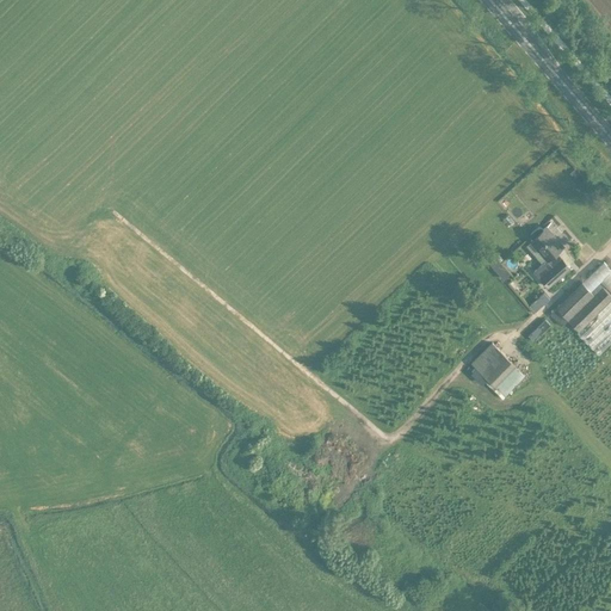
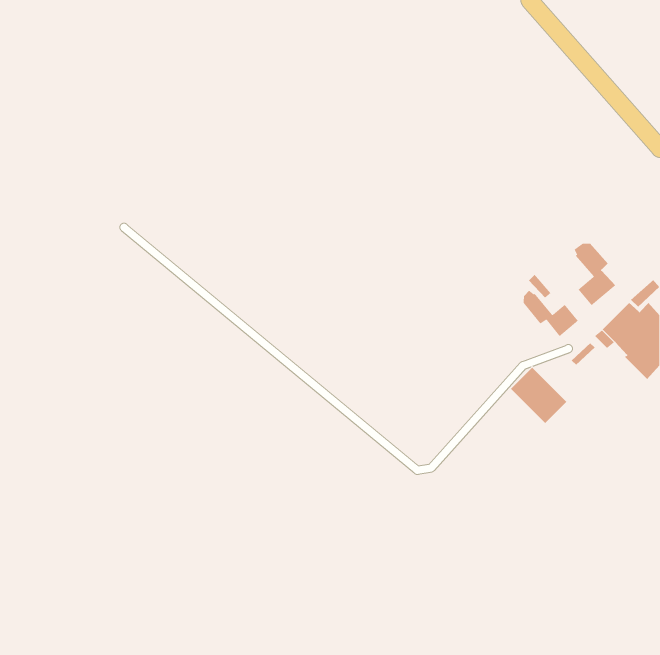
building: none -> [523,290,579,337]

